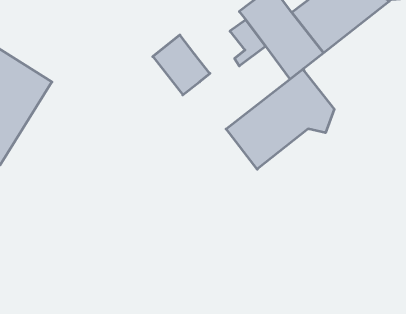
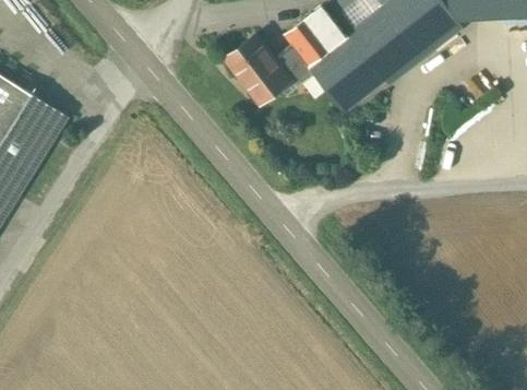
building: [153,35,210,95] -> [224,35,290,105]
building: [226,69,334,169] -> none

